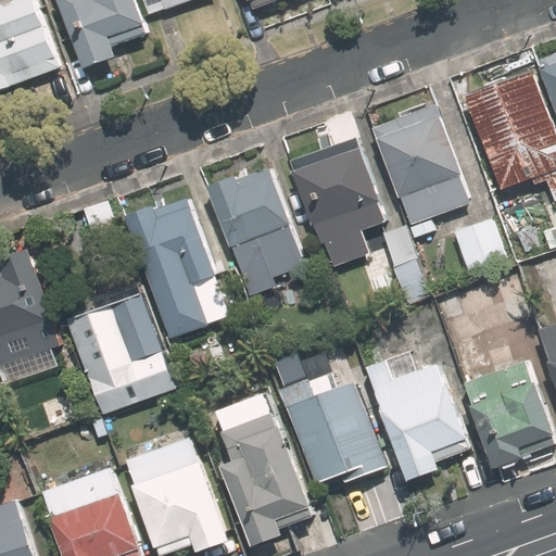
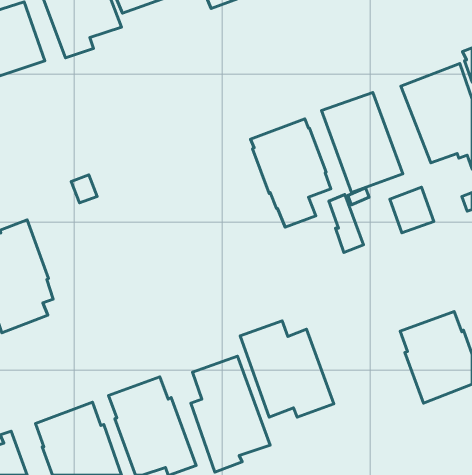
building: [208,169,300,276] -> none
building: [126,200,215,336] -> none
building: [67,279,173,410] -> none
building: [366,364,468,479] -> none

